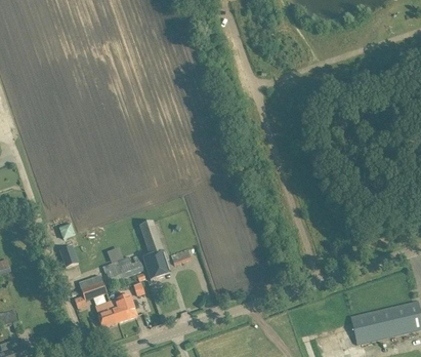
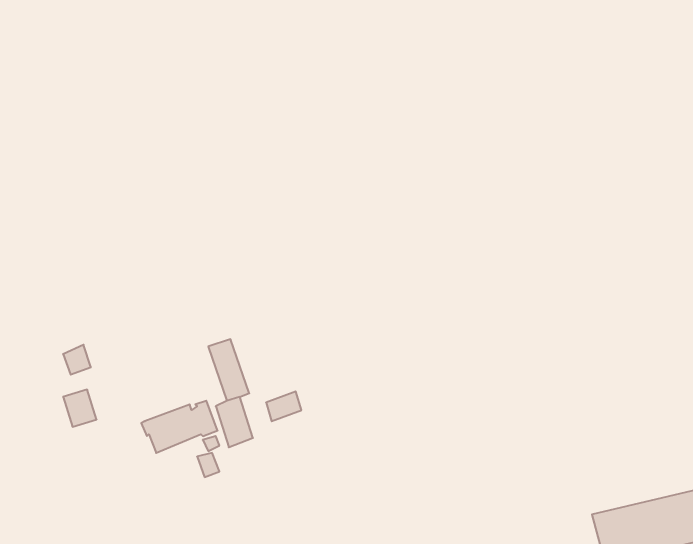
building: [71,276,107,300] -> none
building: [95,293,137,327] -> none

